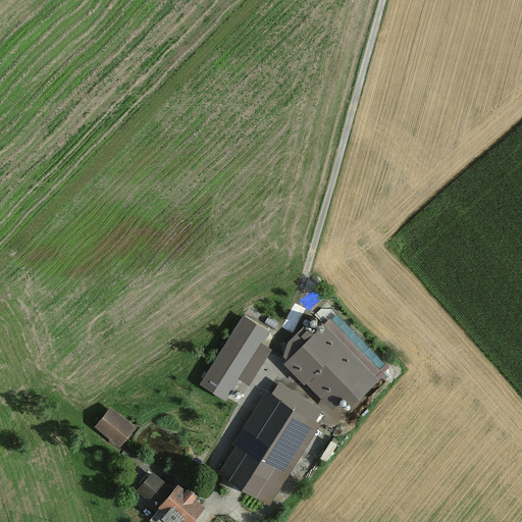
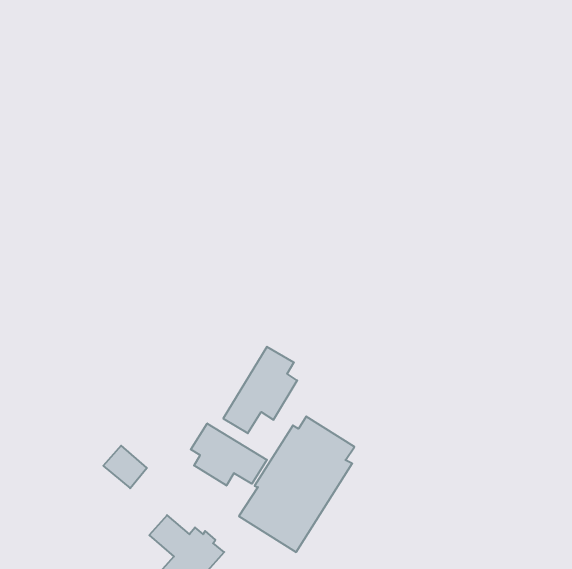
building: [282,321,383,412] -> none
building: none -> [191,423,267,486]

